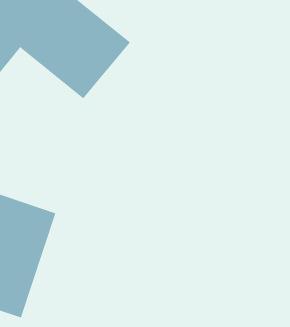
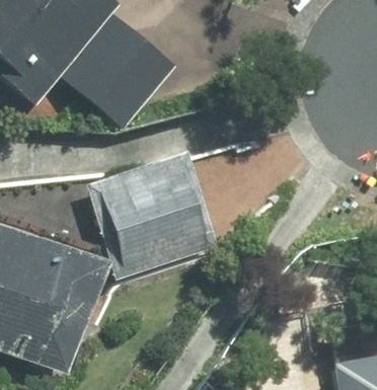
building: none -> [95,161,205,269]

